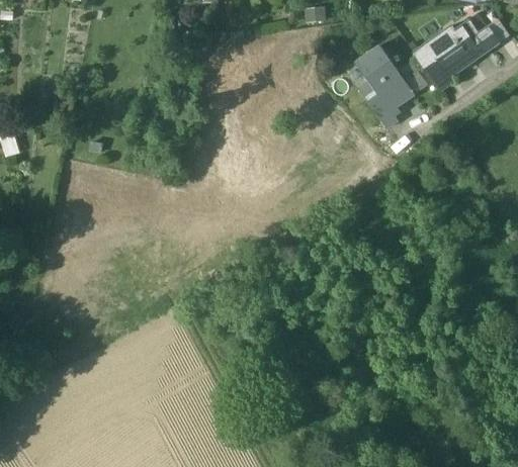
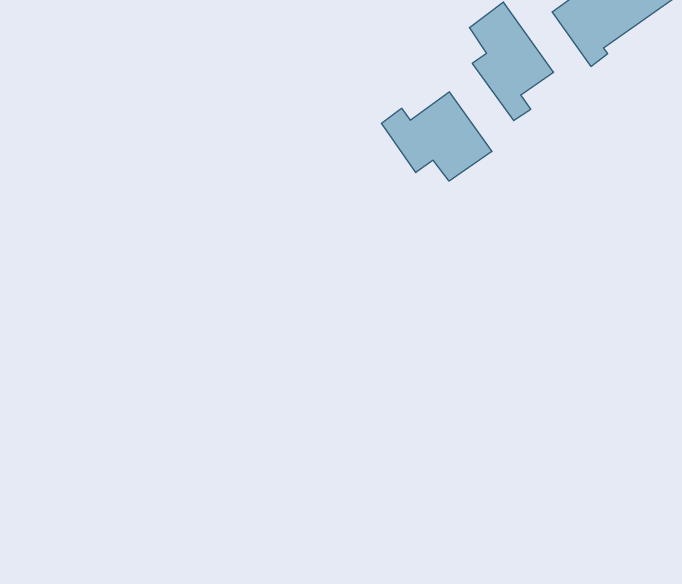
building: none -> [381,92,492,181]

